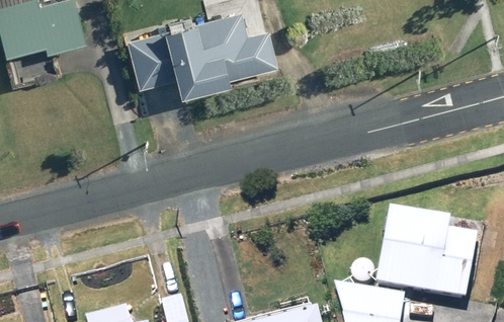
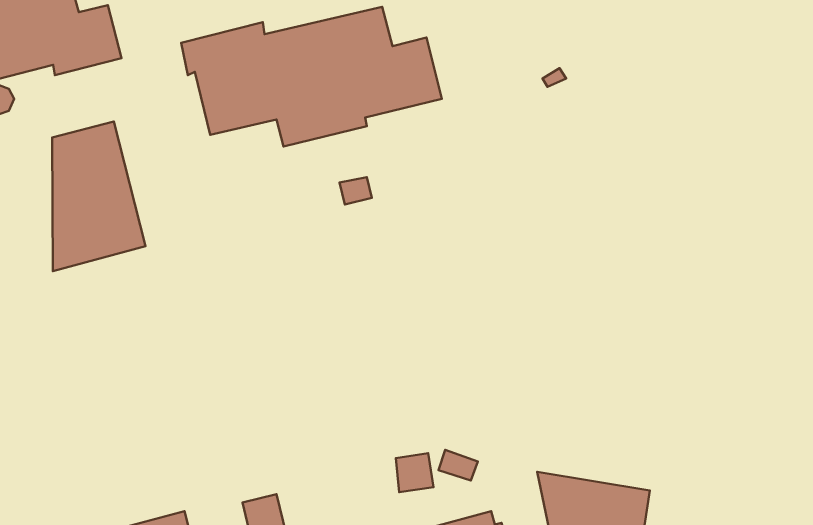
building: none -> [52,121,146,271]
building: [372,214,477,306] -> none

